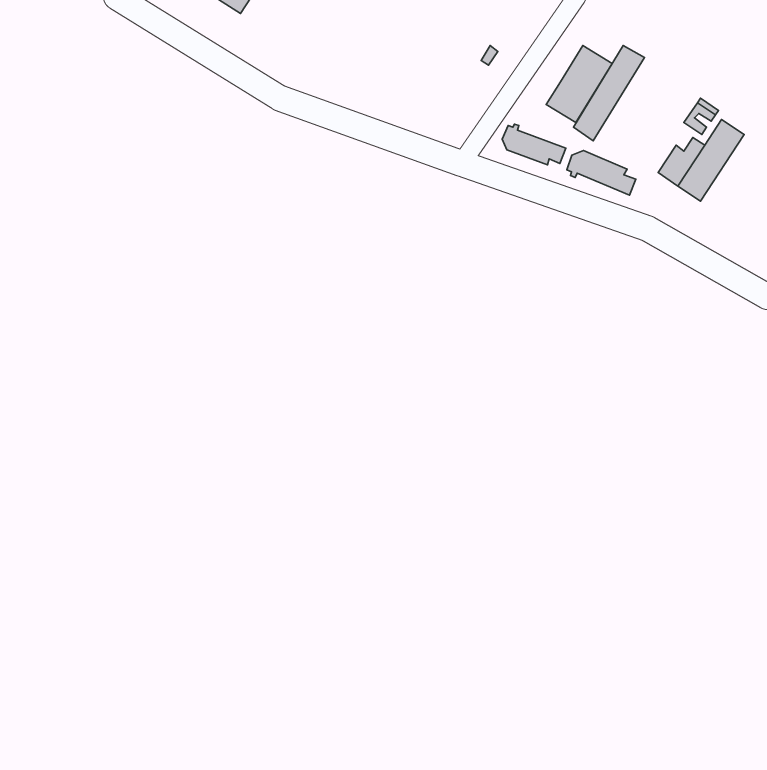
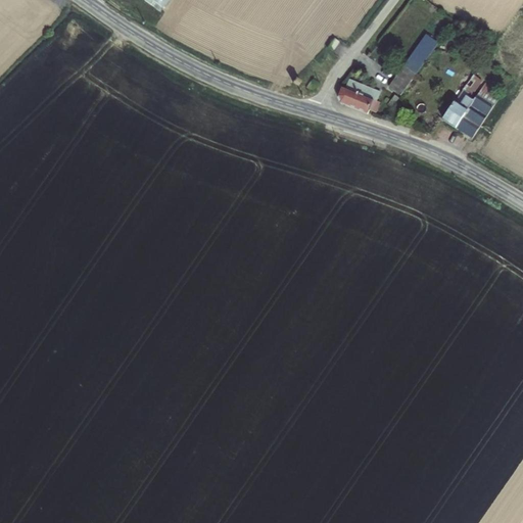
building: [546,46,612,122] -> none
building: [567,150,636,195] -> none

